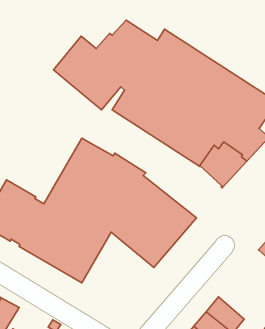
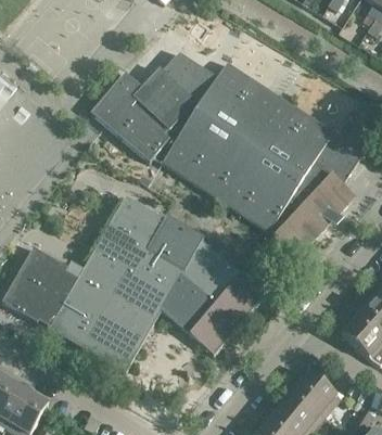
building: none -> [292,372,340,418]

